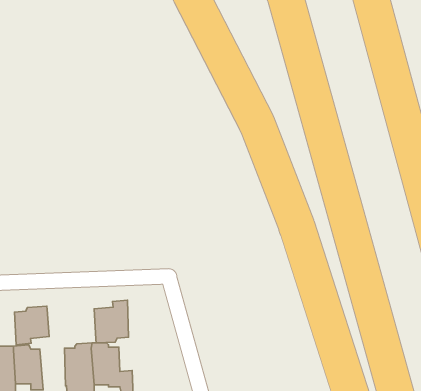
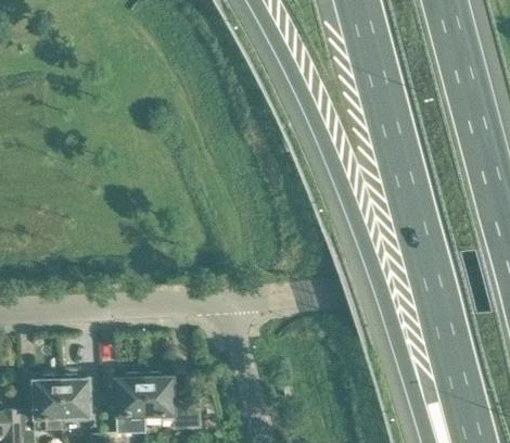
building: [94,300,129,343] -> none
building: [14,306,49,345] -> none

